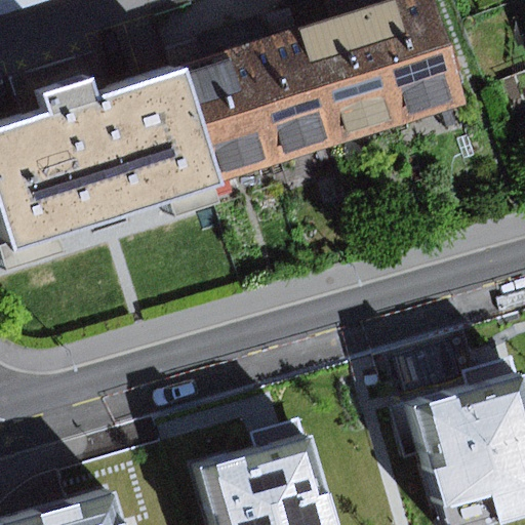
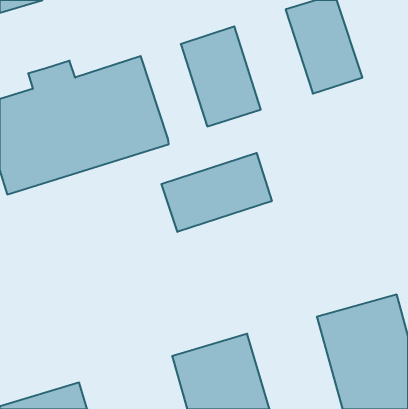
building: [300,12,401,140] -> none
building: [180,56,266,178] -> none
building: none -> [161,153,272,232]

